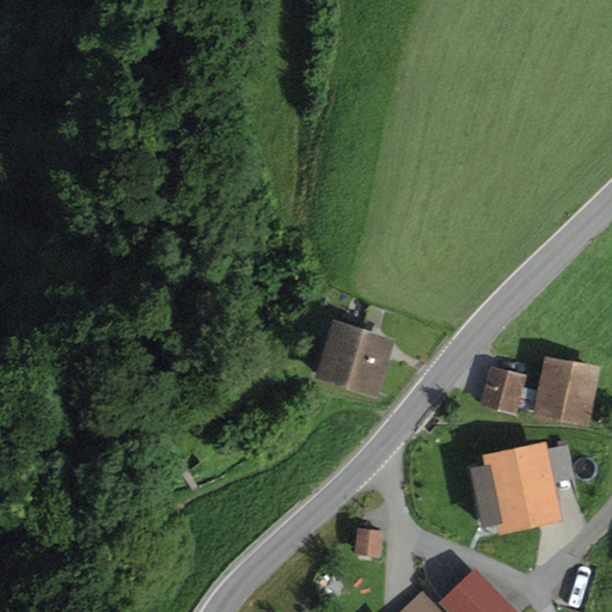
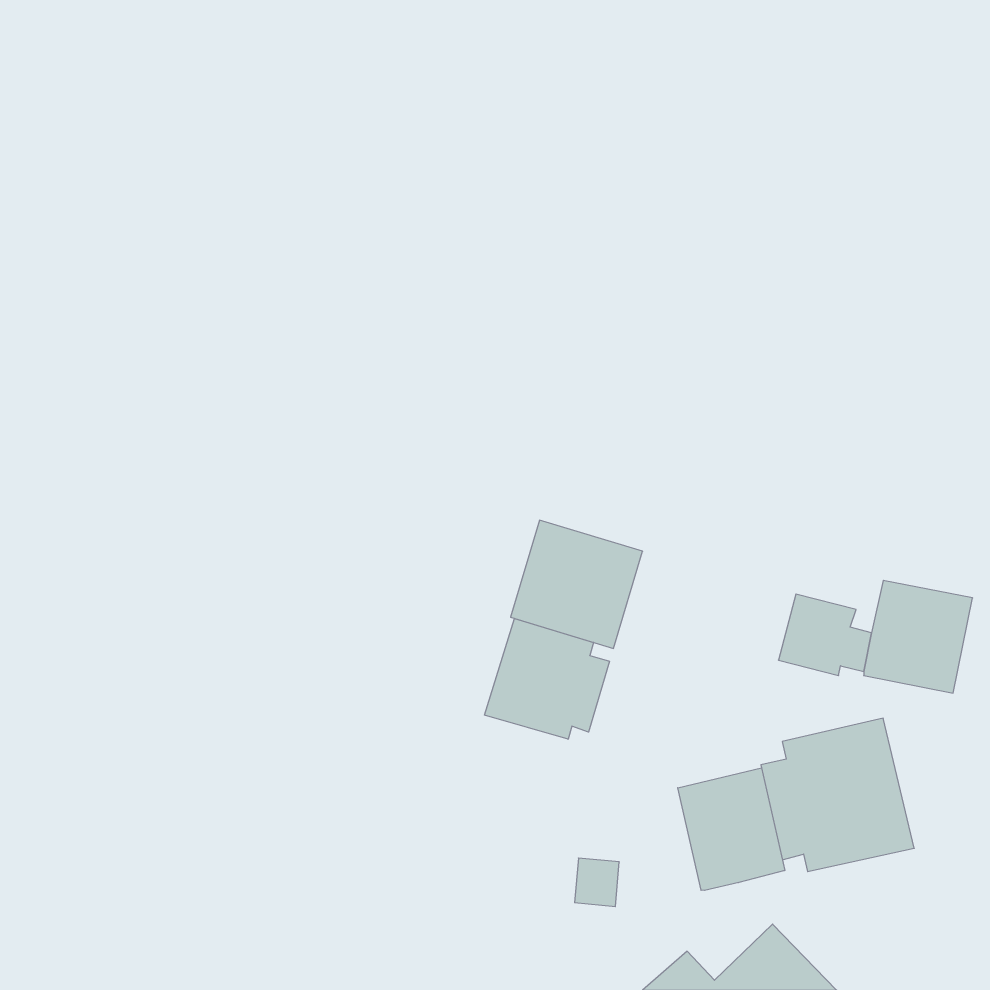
building: none -> [484,618,609,739]
building: none -> [678,768,785,890]

